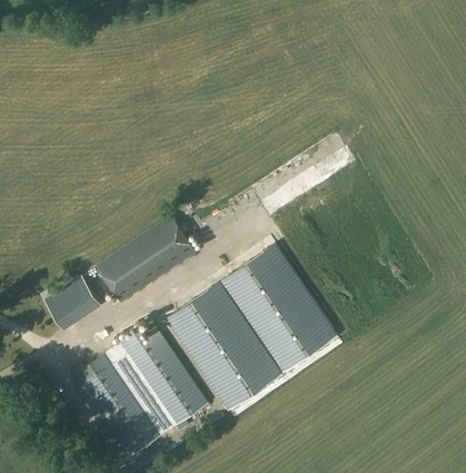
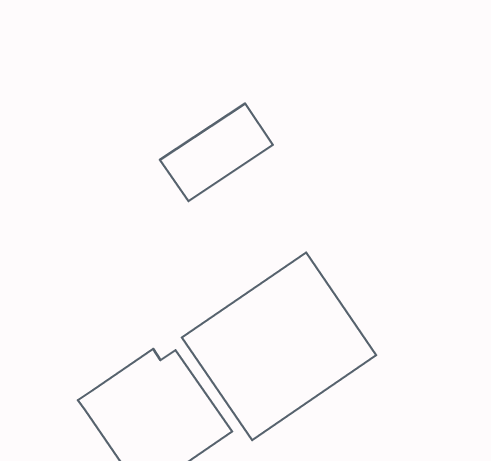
building: [95,216,195,303] -> [160,103,273,201]
building: [42,276,100,331] -> none

